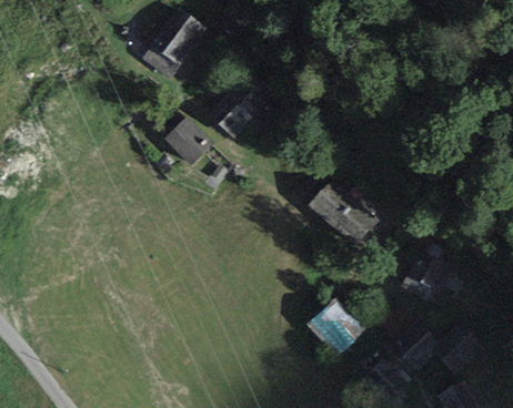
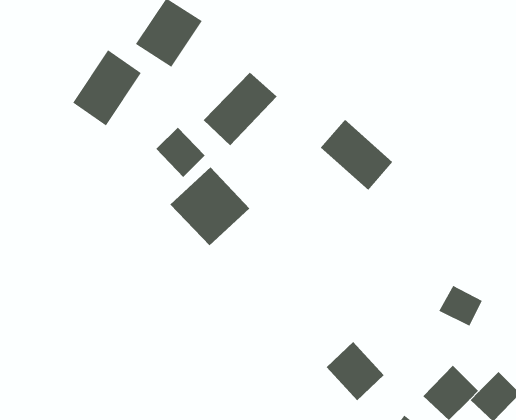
building: none -> [72,49,142,127]
building: none -> [170,167,250,246]
building: [311,184,373,245] -> [320,119,393,191]

